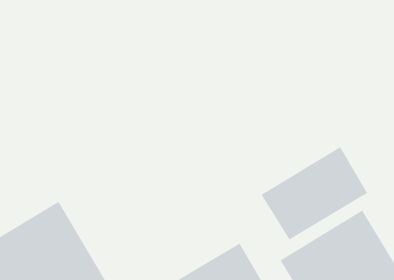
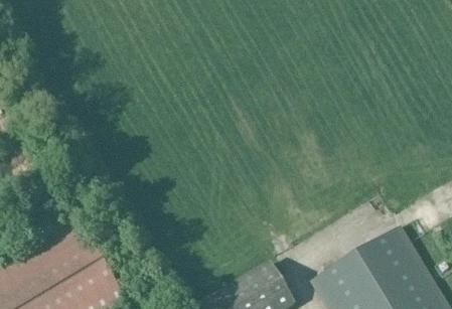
building: [261,146,368,241] -> none

